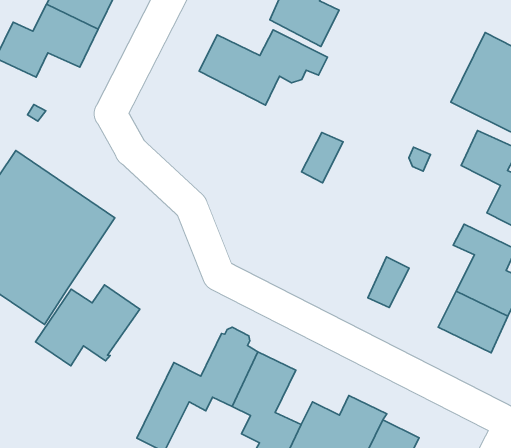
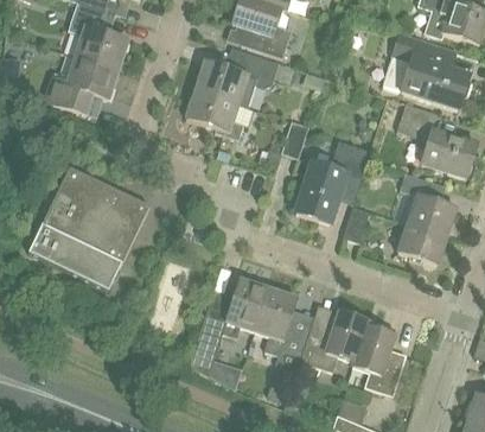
building: none -> [186,89,248,140]
building: none -> [296,140,370,223]
building: [36,285,140,366] -> none

